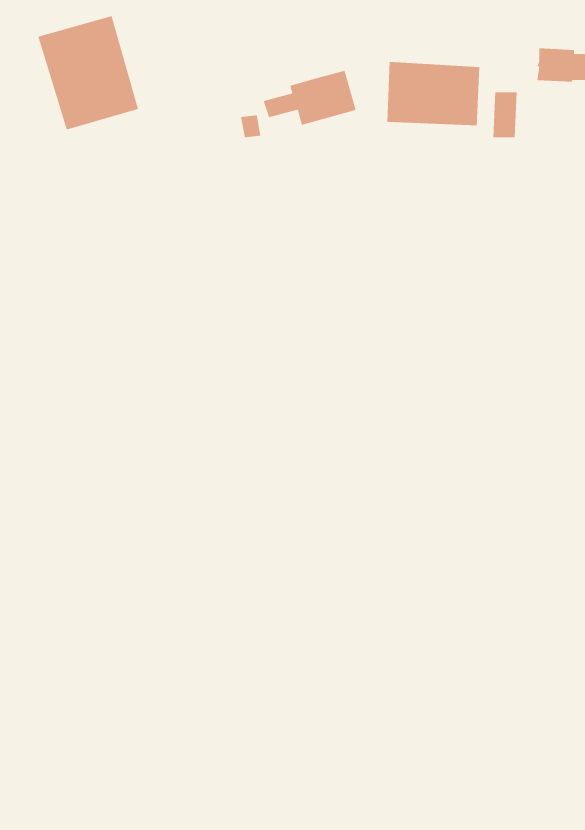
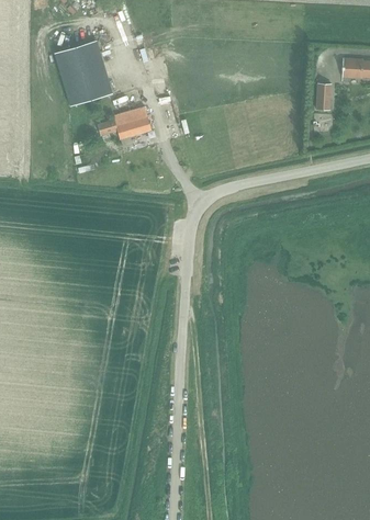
building: [387,61,480,126] -> none
building: [263,70,357,126] -> [98,108,152,139]

